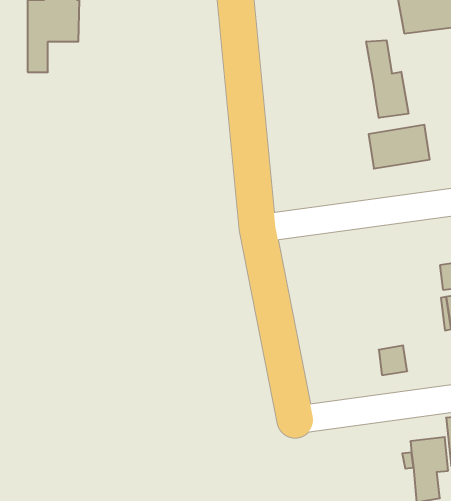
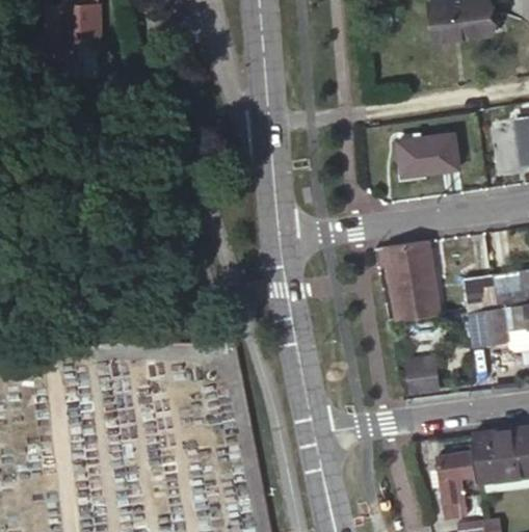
building: [366,40,408,118] -> none
building: none -> [381,240,442,320]

